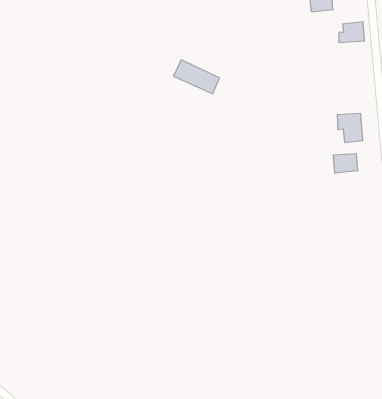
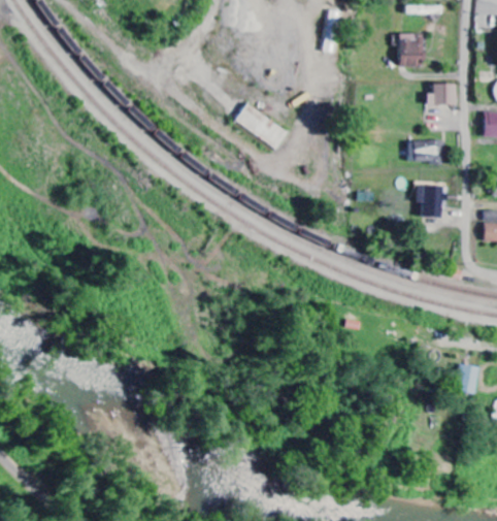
building: none -> [413,139,444,162]
building: [333,153,357,173] -> none

